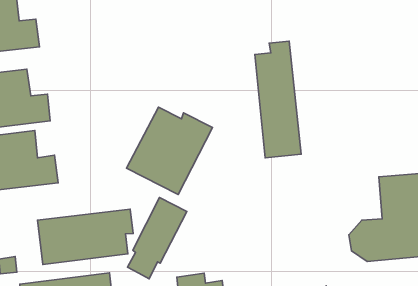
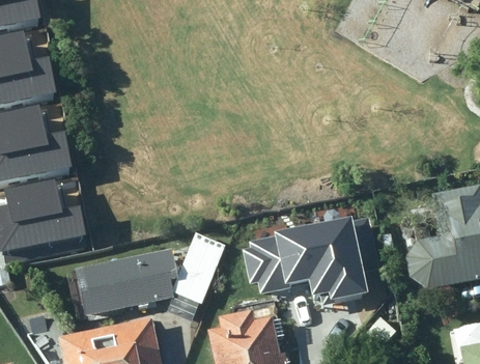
building: [255,41,301,158] -> none
building: [127,107,212,194] -> none
building: none -> [245,213,376,300]

